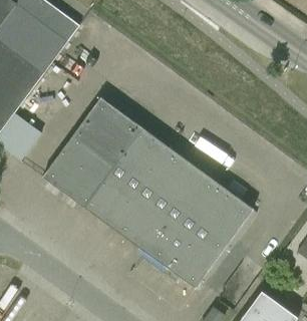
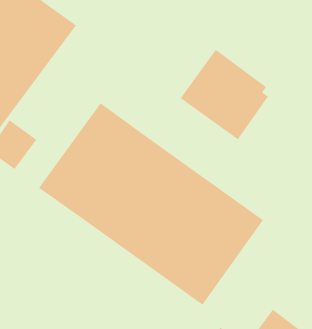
building: none -> [180,49,269,140]

